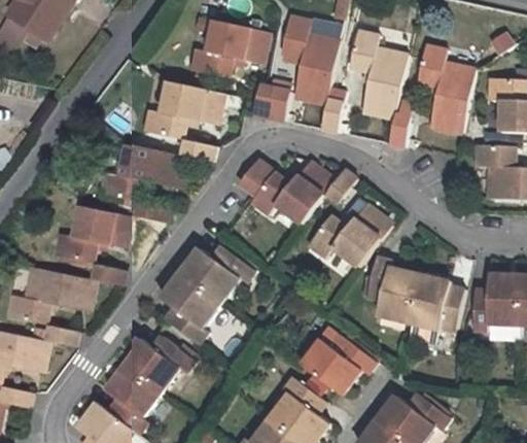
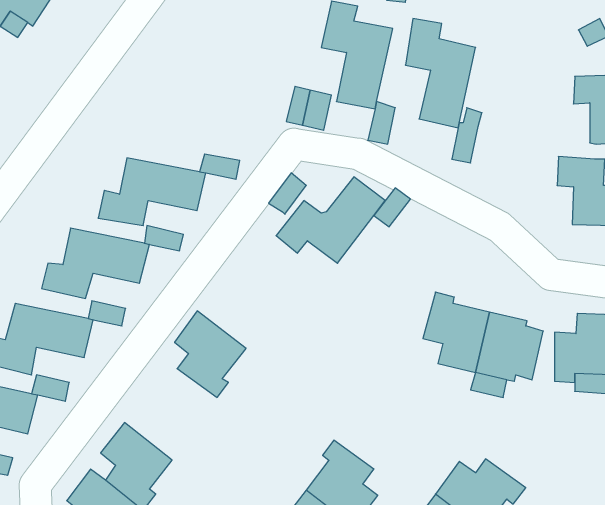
building: [190,21,268,79] -> none
building: [418,45,476,135] -> none
building: [145,82,233,141] -> none
building: [303,203,391,274] -> none
building: [180,245,253,302] -> none
building: [120,322,178,394] -> none
building: [302,337,375,396] -> none

